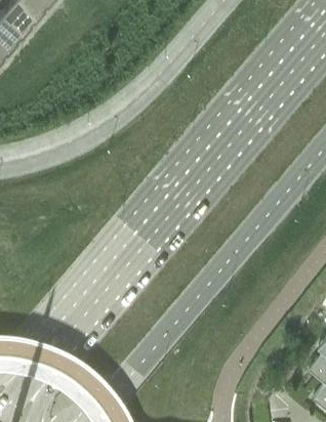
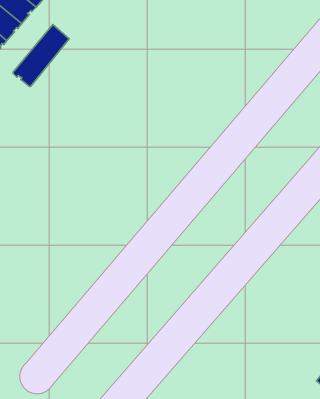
building: none -> [13,25,69,86]

